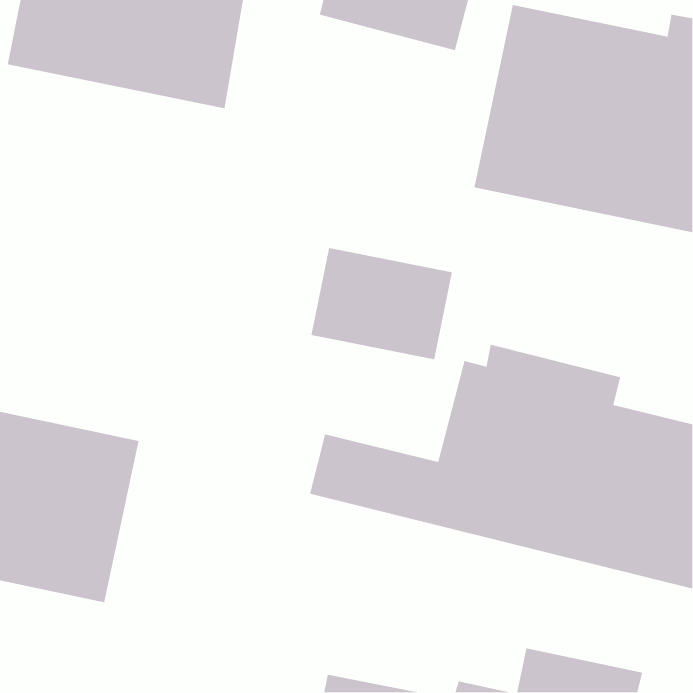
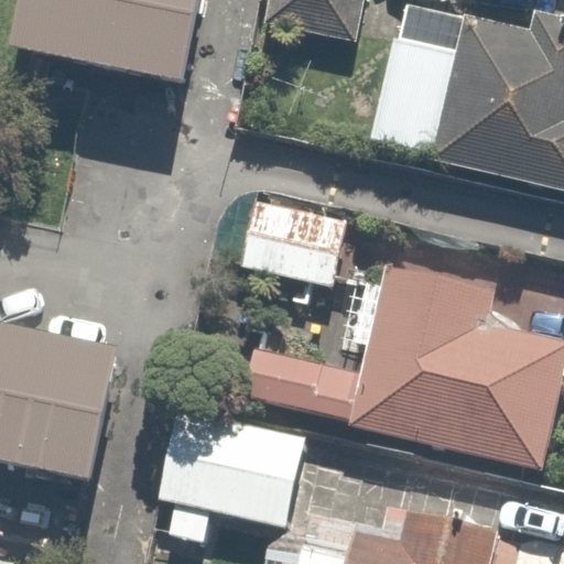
building: none -> [160,411,317,530]

